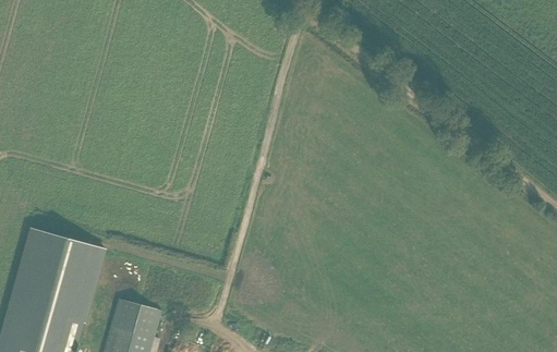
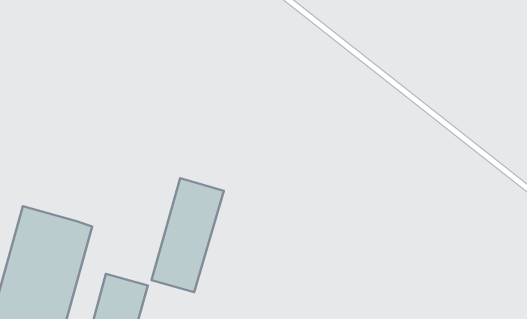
building: none -> [151,178,224,292]

